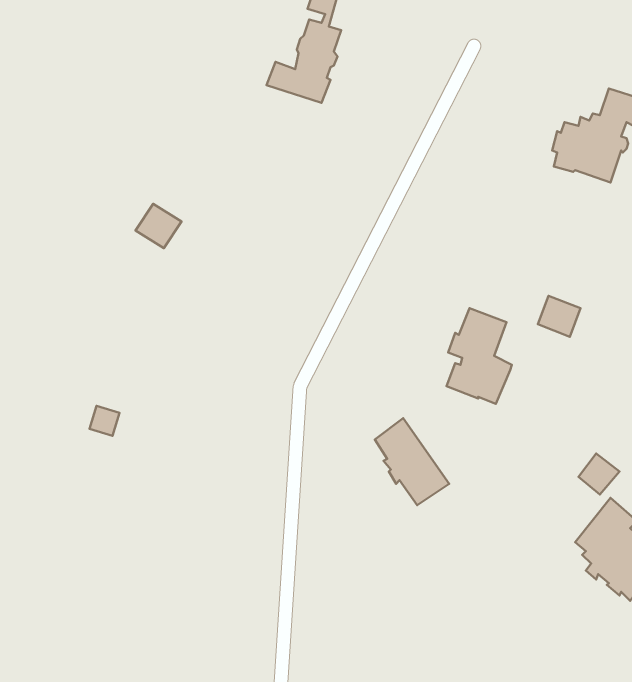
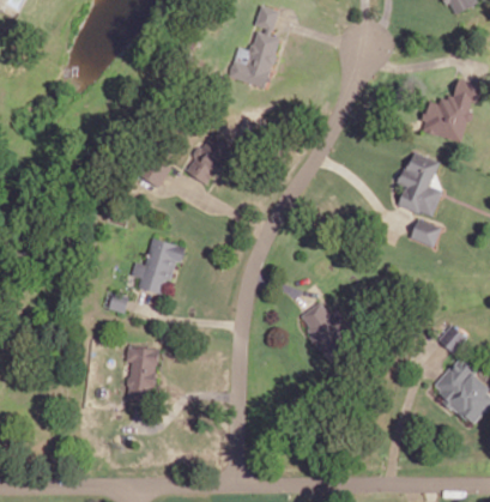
building: none -> [184,152,219,187]
building: [446,308,512,404] -> [398,152,442,217]
building: none -> [131,238,183,294]
building: none -> [126,346,158,400]

